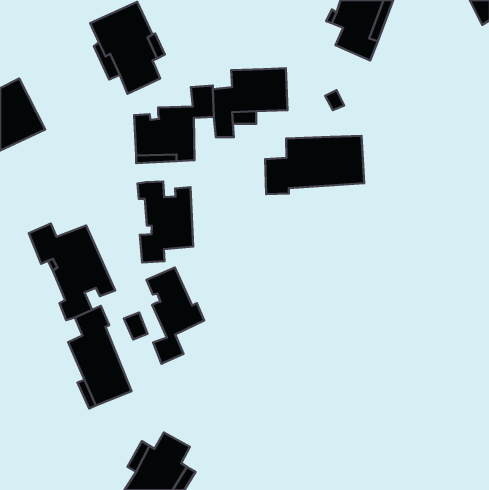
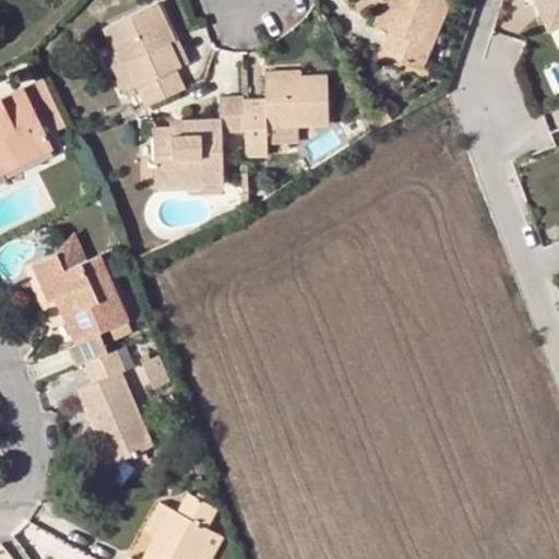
building: [265,136,364,194] -> none
building: [137,181,193,262] -> none
building: [147,267,204,364] -> none

